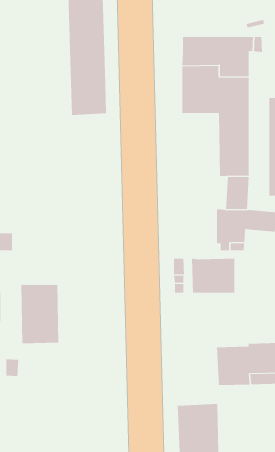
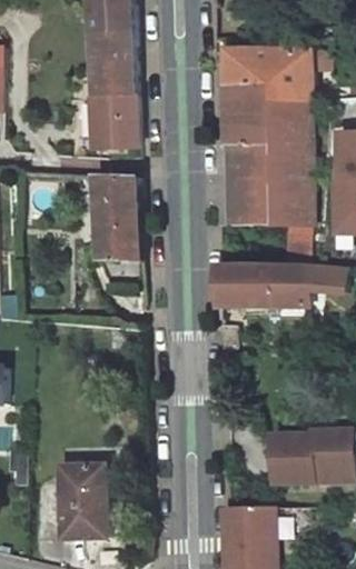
building: none -> [226,146,274,223]
building: none -> [93,176,139,286]
building: [191,258,235,293] -> [216,263,270,307]
building: [21,284,59,344] -> [58,465,106,538]

